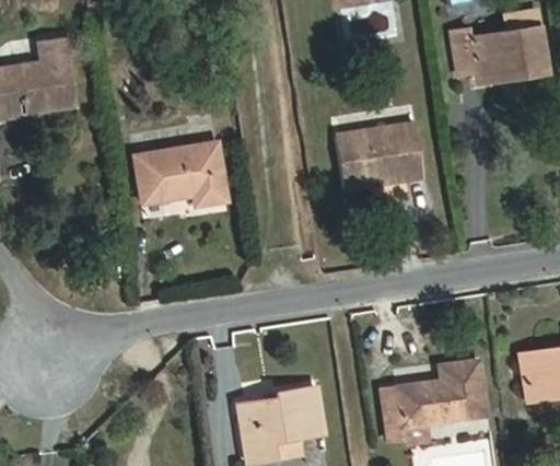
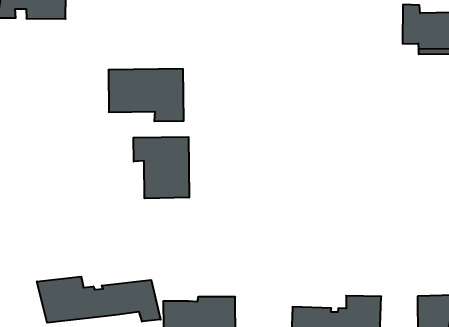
building: [334,123,423,188] -> none
building: none -> [133,137,189,198]
building: none -> [37,277,161,323]

